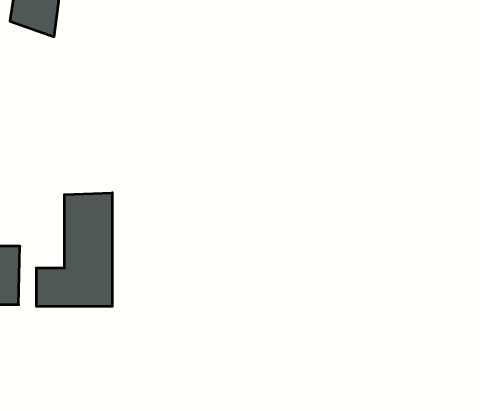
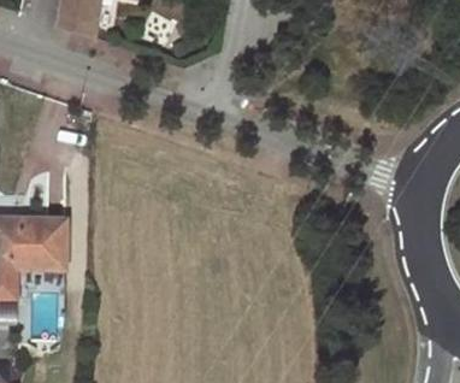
building: [36,193,112,306] -> none

